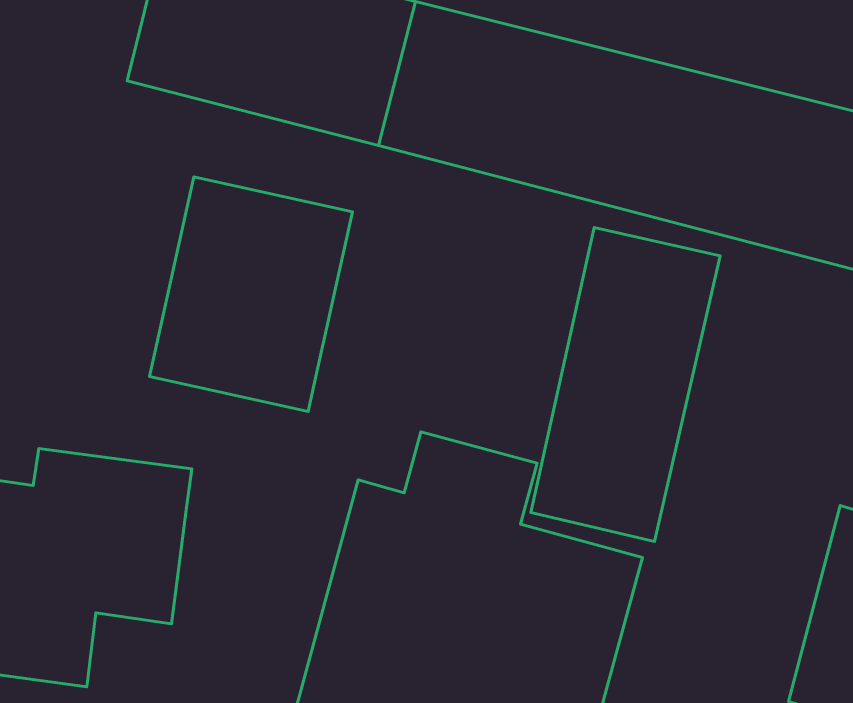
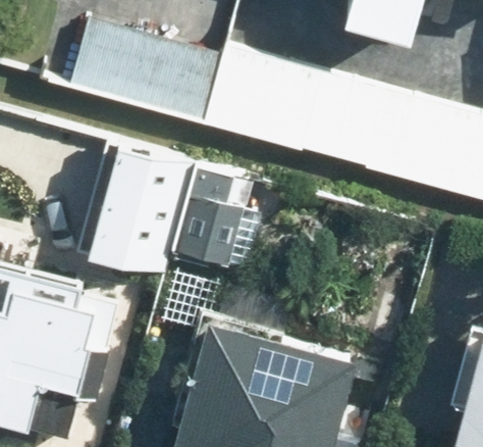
building: none -> [175,163,263,308]
building: [531,228,720,542] -> none

